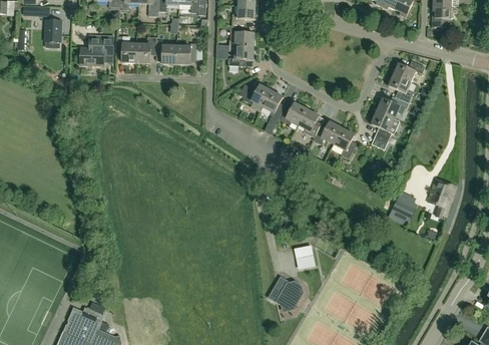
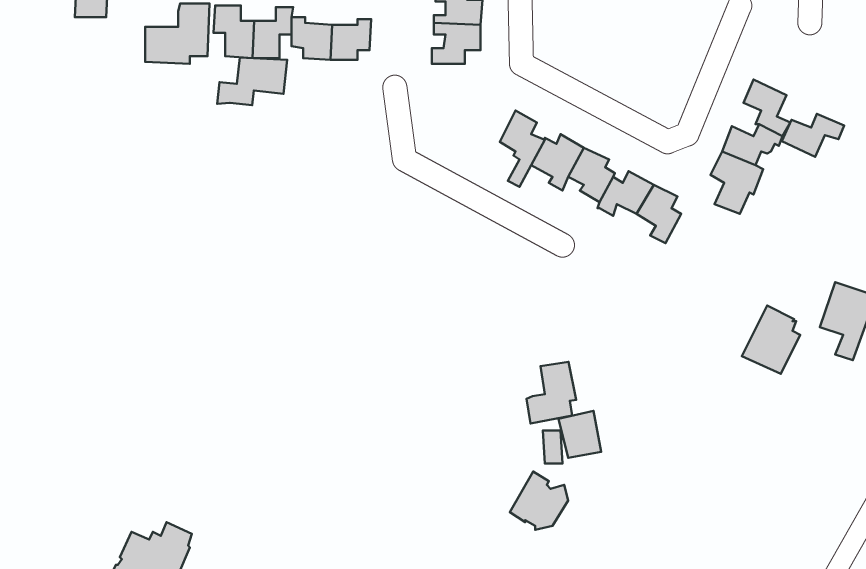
building: [393,59,425,81] -> [782,114,844,157]
building: none -> [217,57,287,105]
building: [239,83,271,105] -> none
building: none -> [527,362,576,424]

